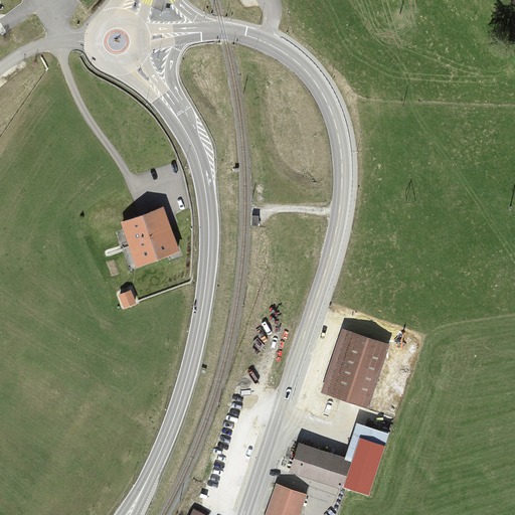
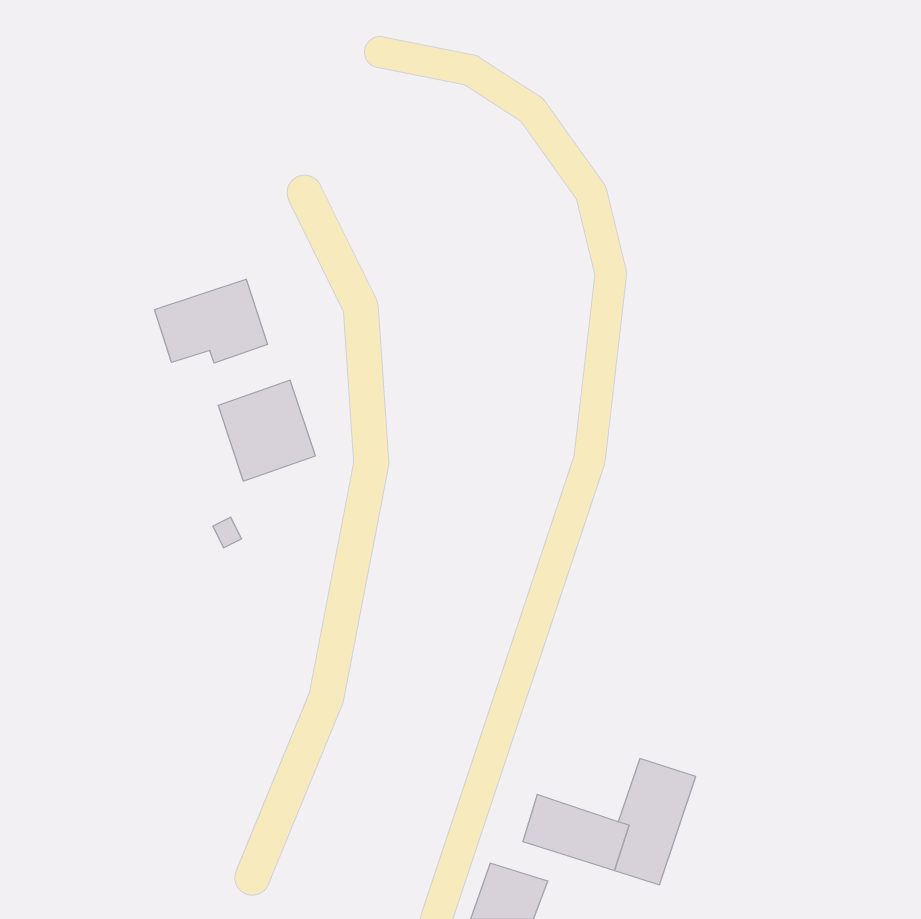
building: none -> [155,279,267,363]
building: [323,330,387,405] -> none

